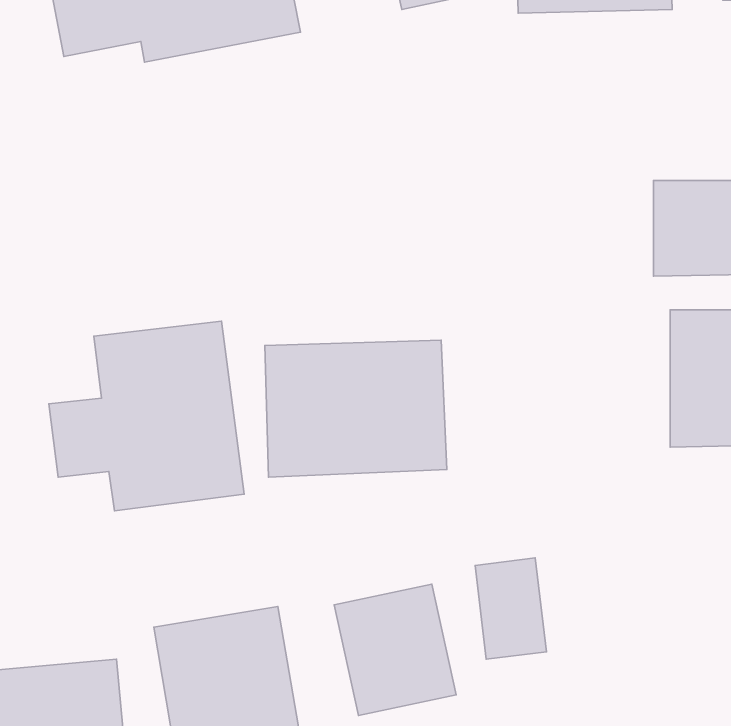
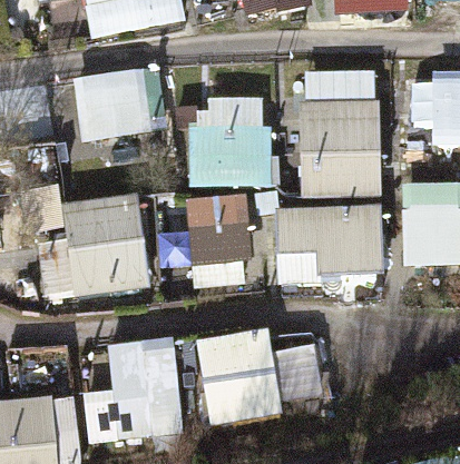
building: none -> [74,68,167,136]
building: none -> [300,98,379,197]
building: none -> [189,101,270,182]
building: none -> [275,209,379,279]

